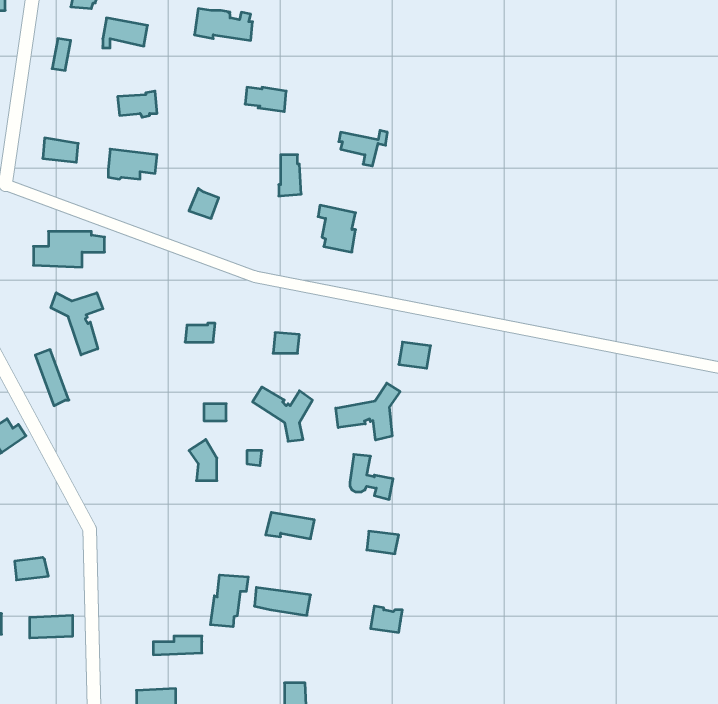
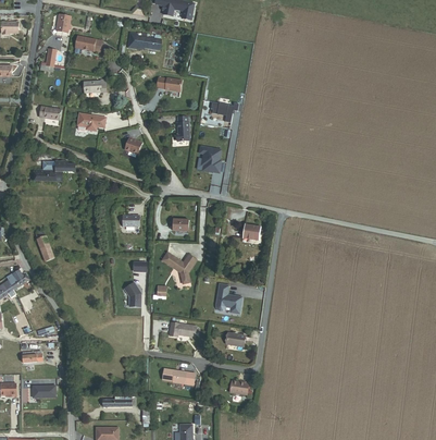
building: [51,293,103,355] -> none
building: [336,383,400,440] -> none
building: [210,575,248,627] -> none

